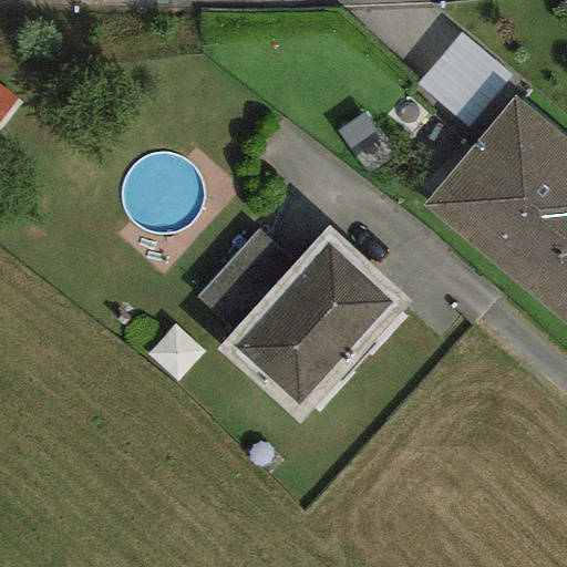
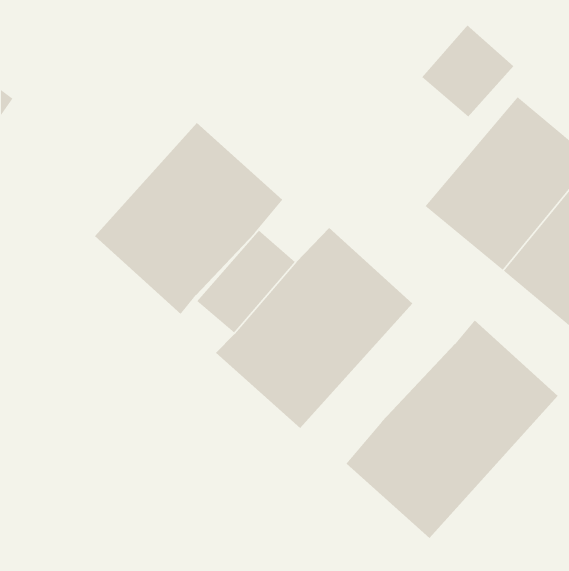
building: none -> [94,122,283,315]
building: none -> [346,319,559,539]

